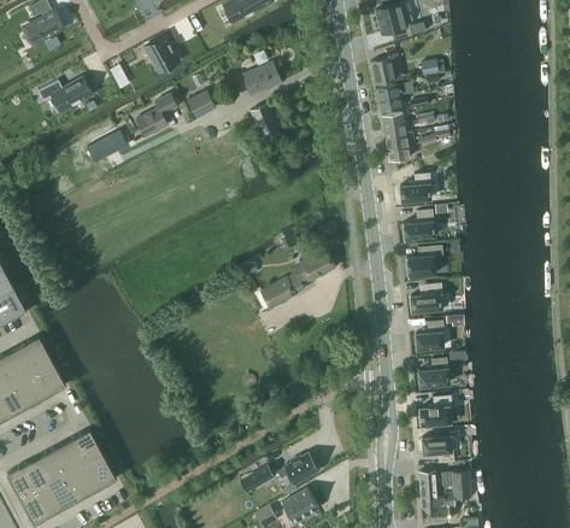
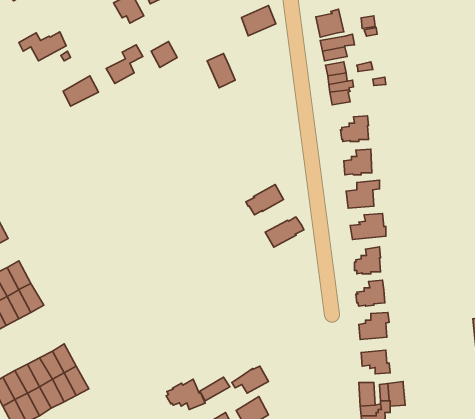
building: [242,61,281,95] -> [242,6,276,36]
building: [262,274,305,307] -> [265,217,304,247]
building: none -> [166,379,205,410]

